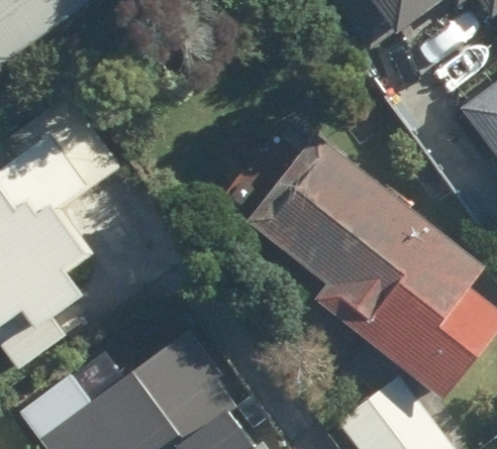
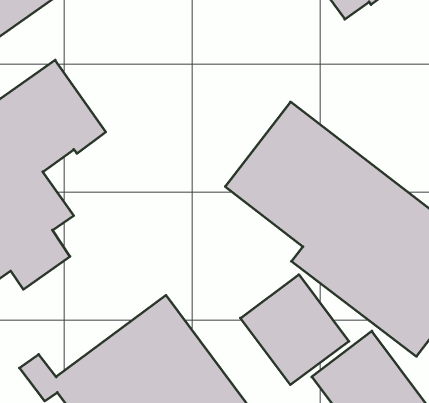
building: none -> [240,275,349,385]

